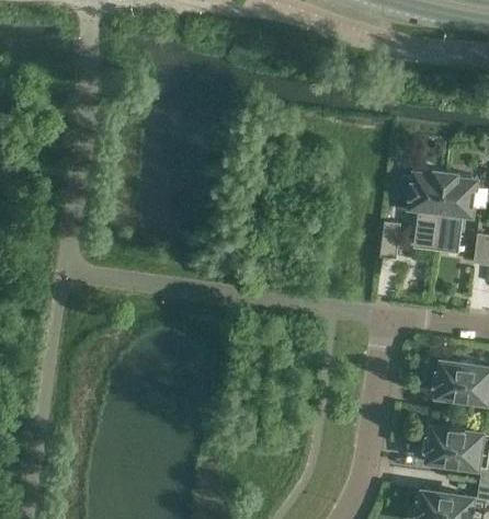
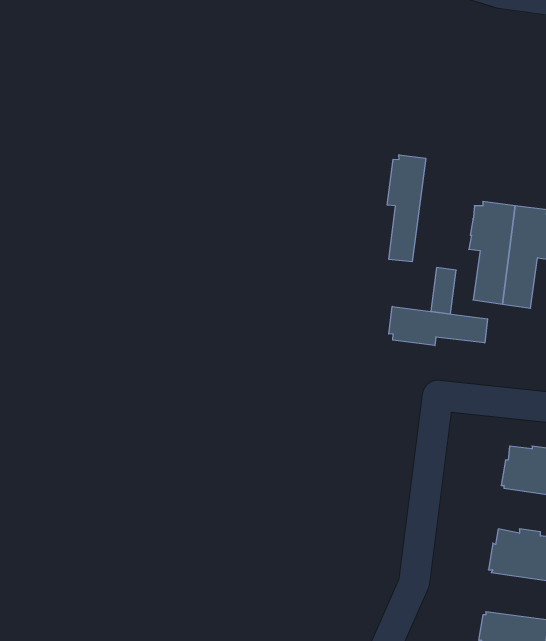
building: none -> [387,155,426,262]
building: none -> [389,306,487,346]

